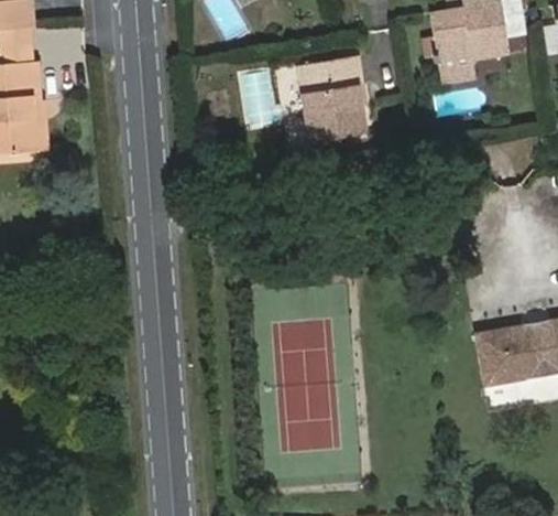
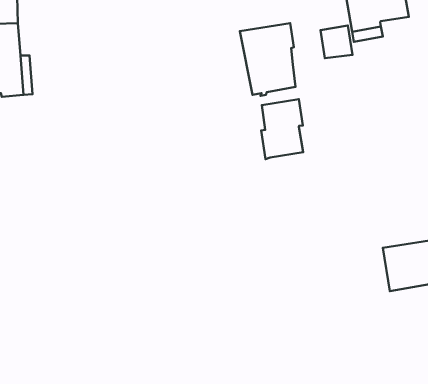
building: none -> [320,26,352,58]
building: none -> [261,99,303,159]

